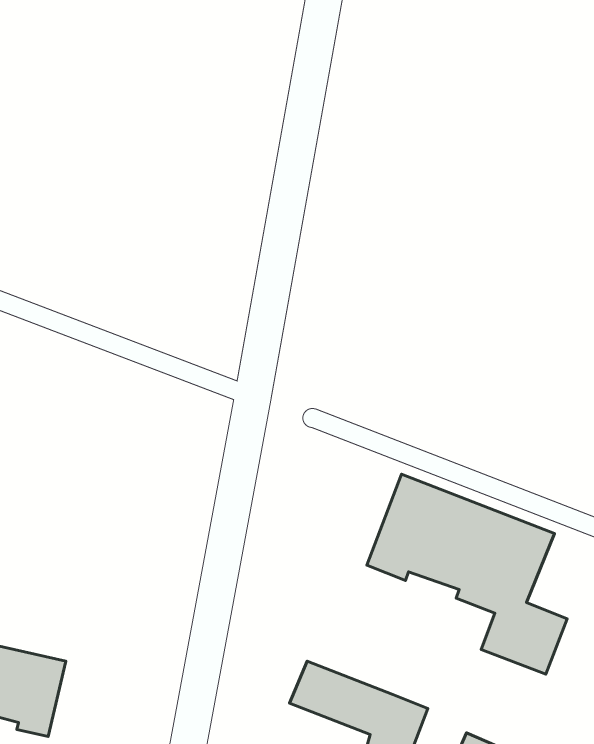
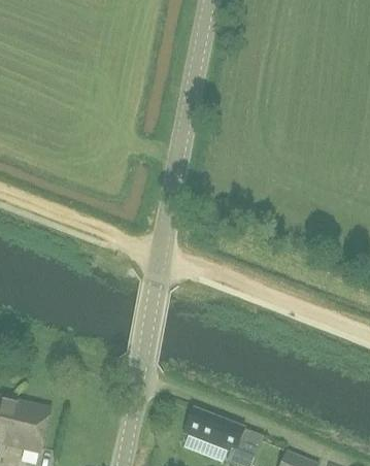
building: [367,474,567,674] -> none

